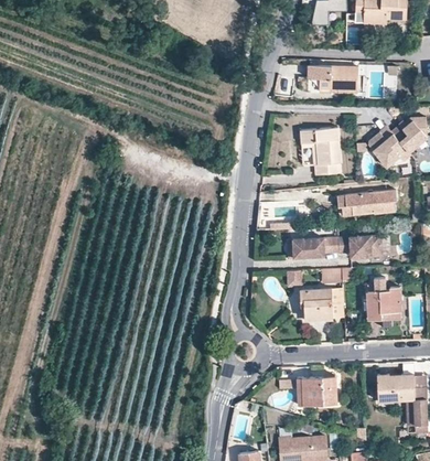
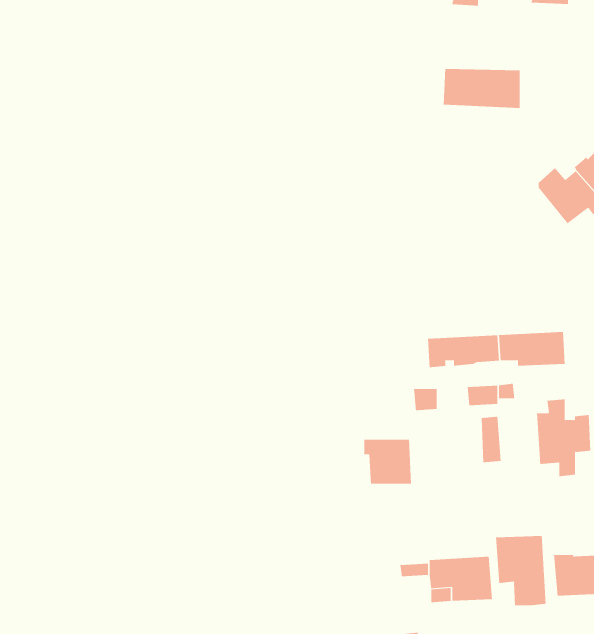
building: [301,128,342,175] -> none
building: [337,191,397,215] -> none
building: [301,290,332,319] -> [363,439,412,484]
building: none -> [495,535,546,606]

